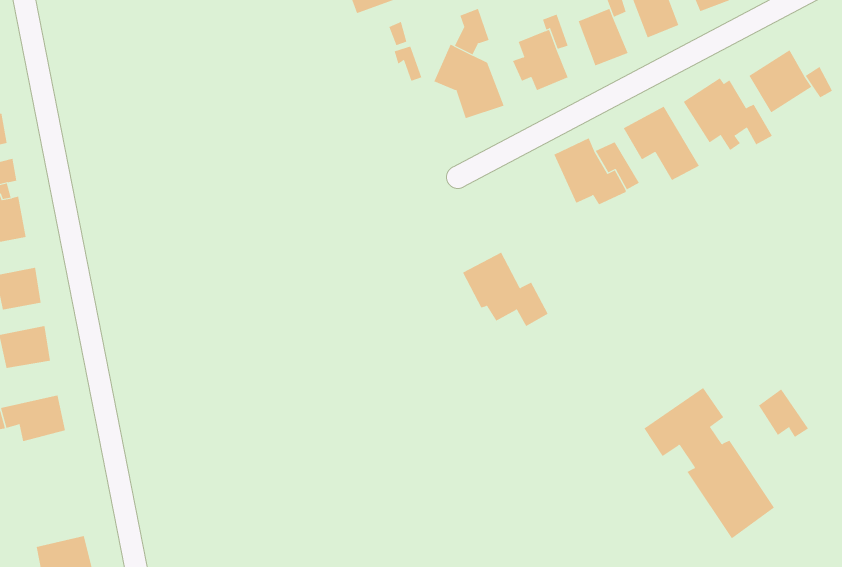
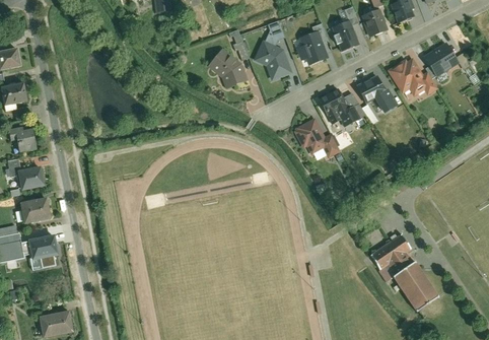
building: none -> [209,51,249,89]
building: [462,252,548,327] -> [294,119,341,159]
building: [758,389,809,438] -> none

